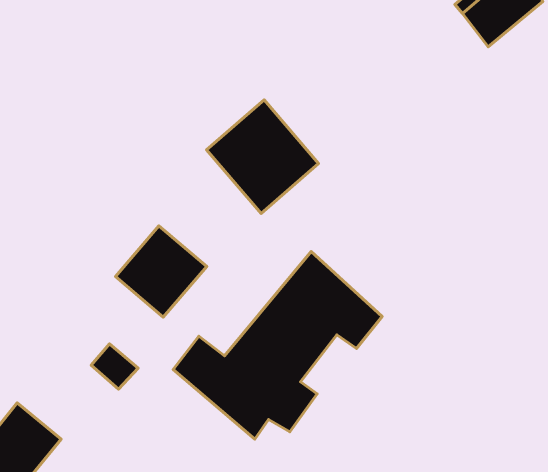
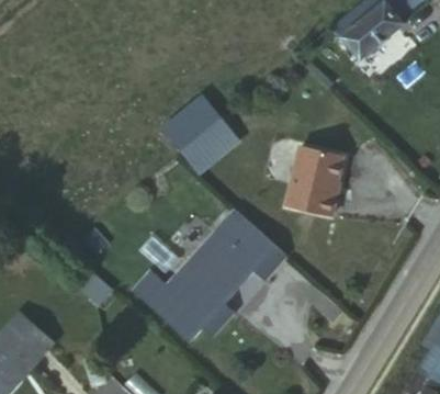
building: none -> [284,147,339,216]
building: [115,226,207,317] -> none

